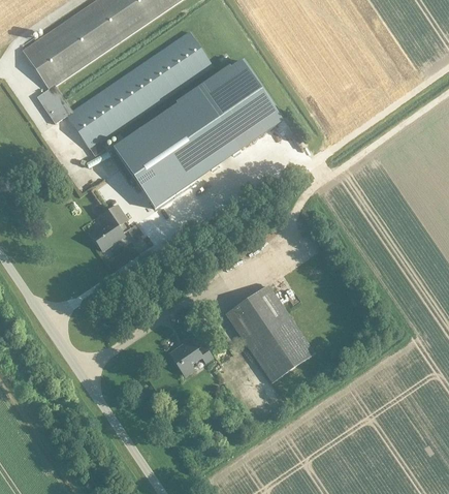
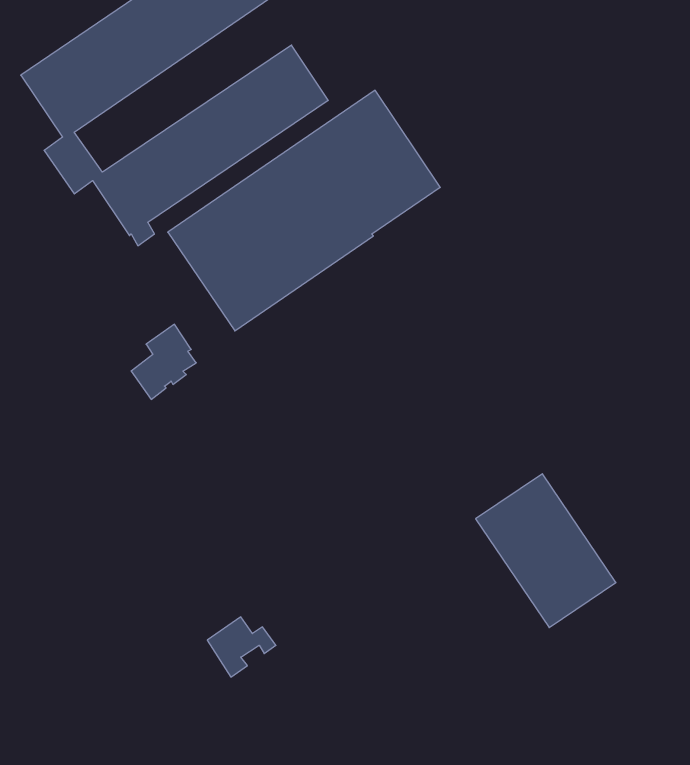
building: [226,285,313,380] -> [476,474,616,628]
building: [169,338,212,375] -> [207,617,276,677]

